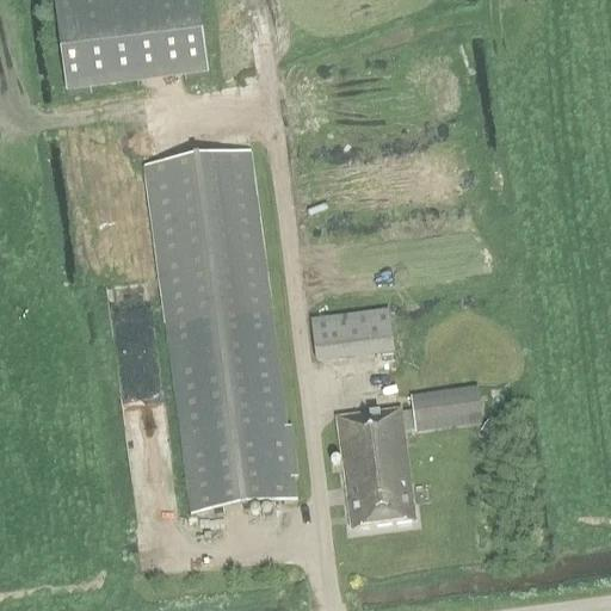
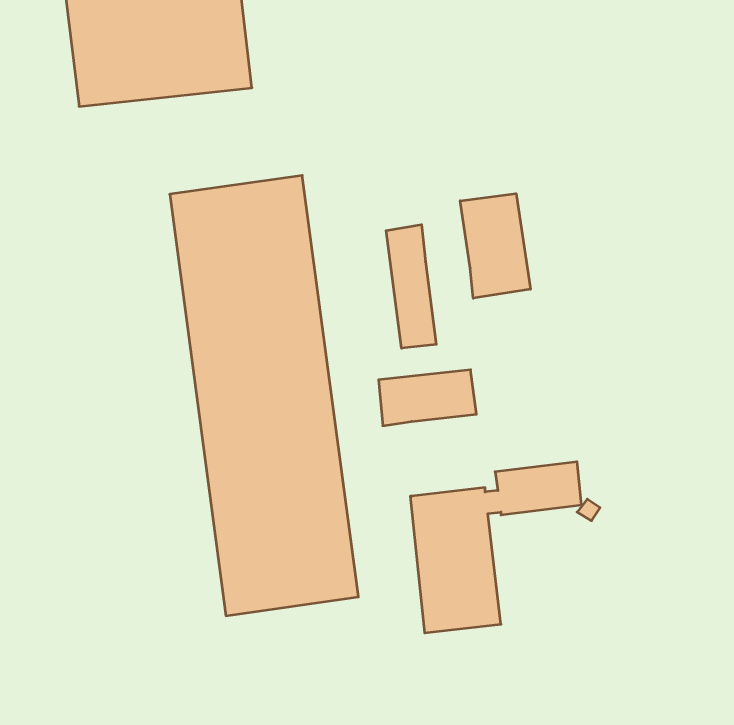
building: none -> [460,194,530,298]
building: none -> [386,225,436,348]

